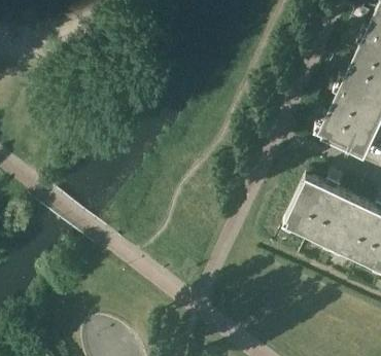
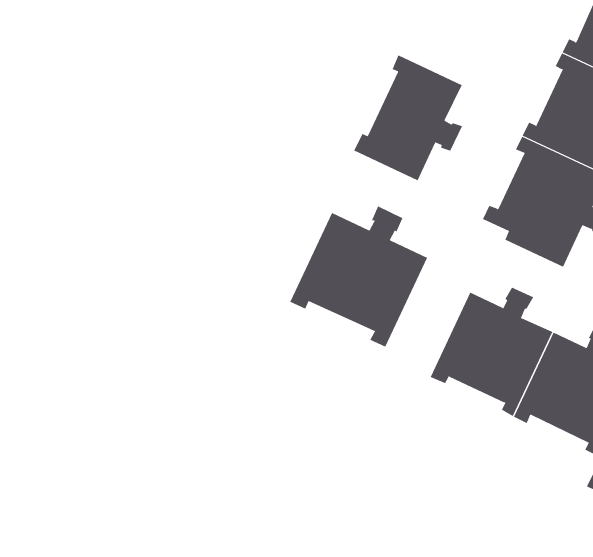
building: none -> [353,55,463,181]
building: none -> [290,206,428,347]

